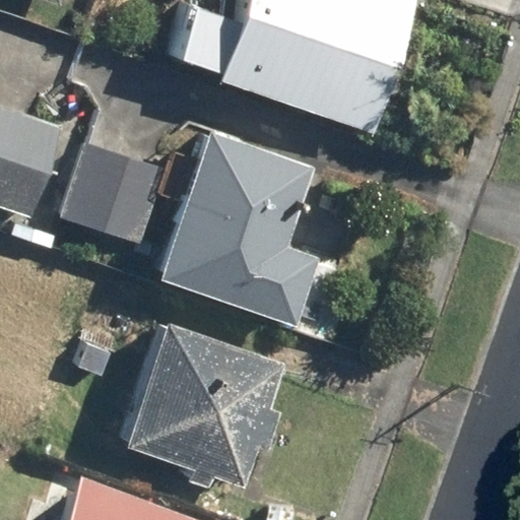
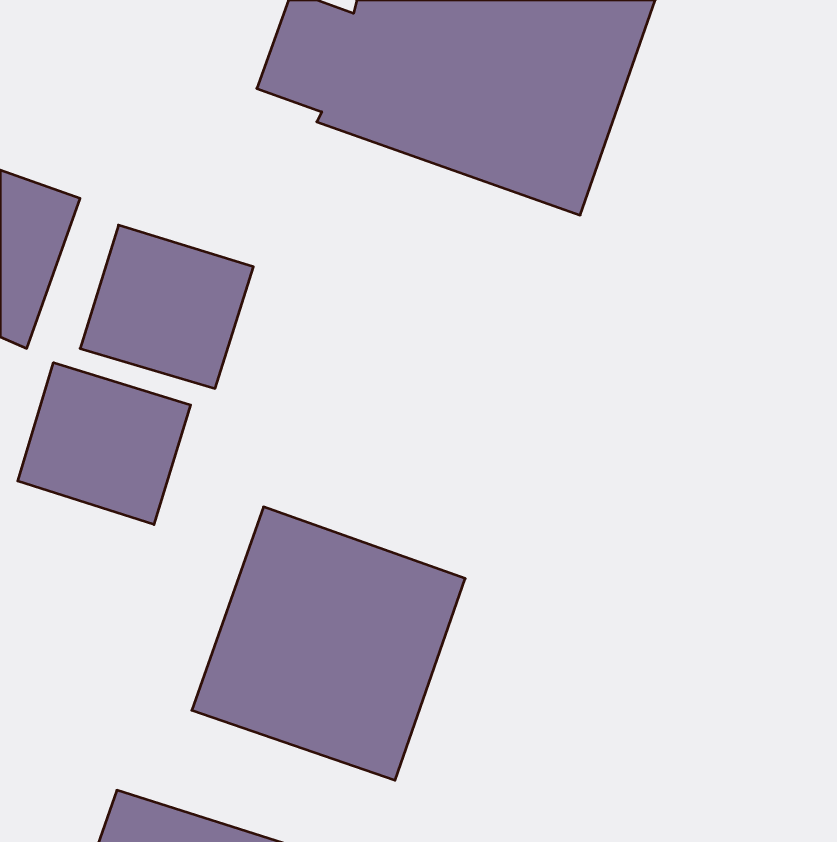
building: [160,129,326,325] -> none
building: none -> [18,363,191,525]

